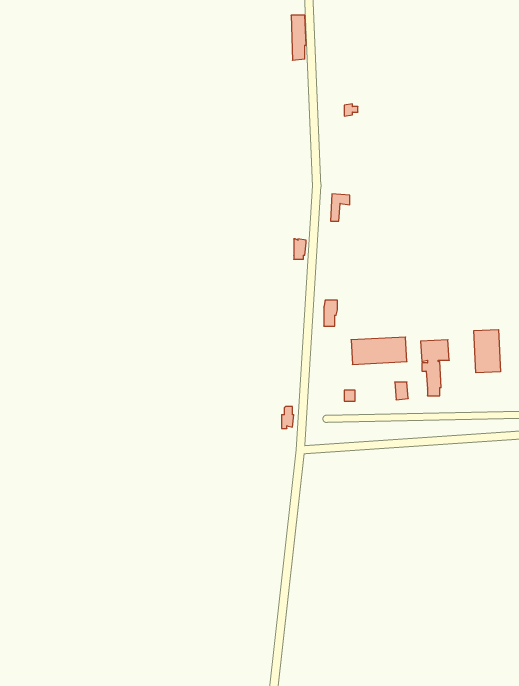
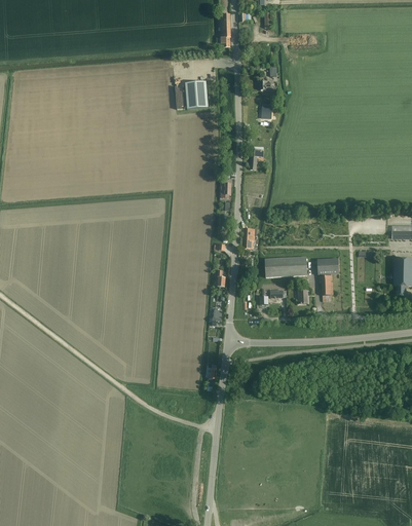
building: none -> [185,80,209,108]
building: [474,330,500,373] -> none

